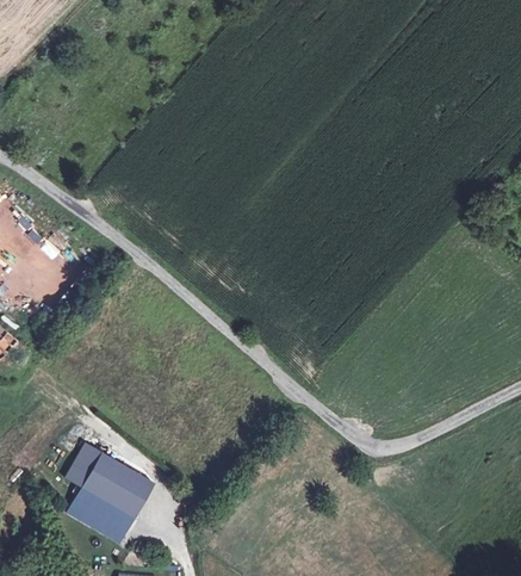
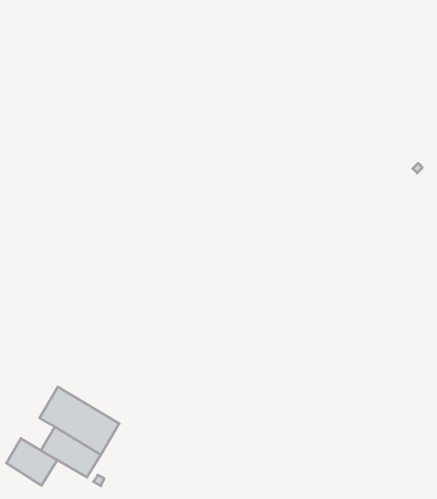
building: none -> [6,438,57,485]

